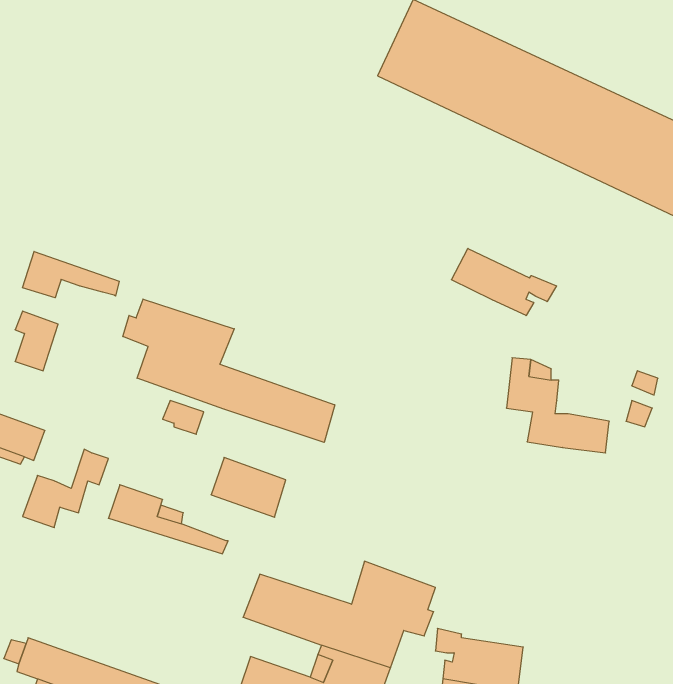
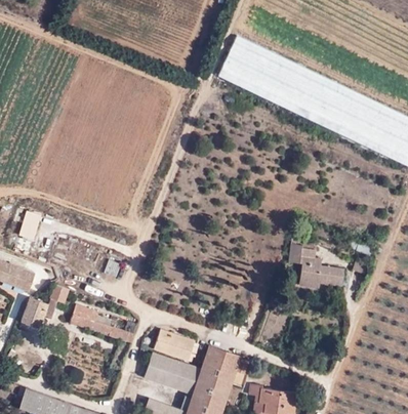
building: [451,248,557,316] -> none
building: [22,251,119,298] -> none
building: [123,299,335,442] -> none
building: [211,457,286,517] -> [154,328,195,361]

